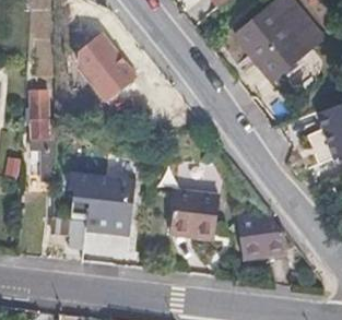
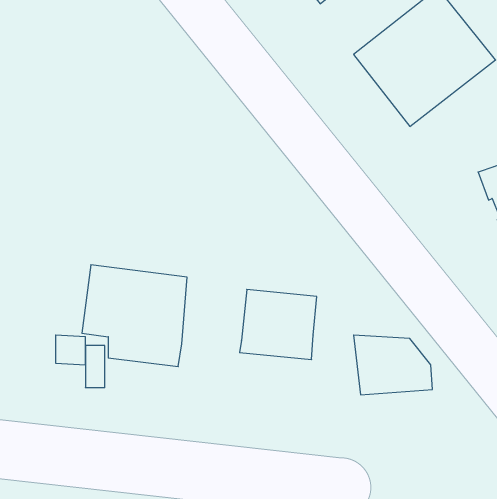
building: [72,27,131,94] -> none
building: [25,91,54,158] -> none

